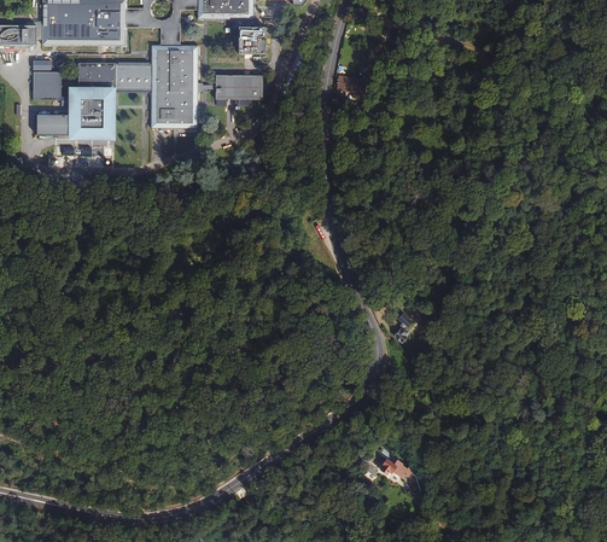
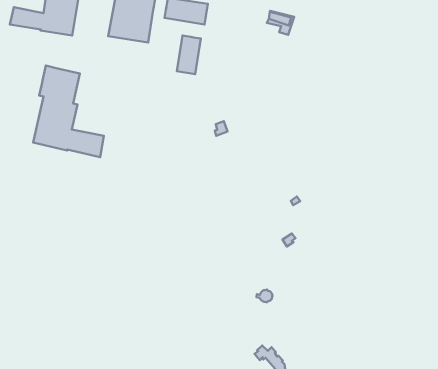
building: none -> [177,36,201,74]
building: none -> [33,66,104,157]

